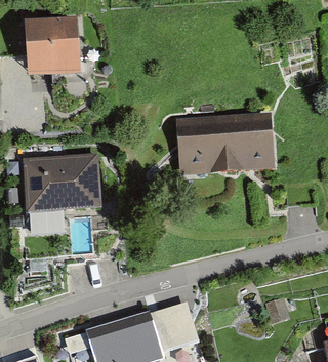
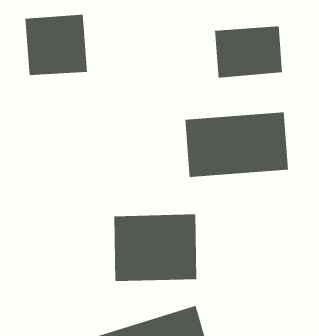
building: none -> [215,25,283,79]
building: [22,152,101,216] -> [113,214,197,282]

